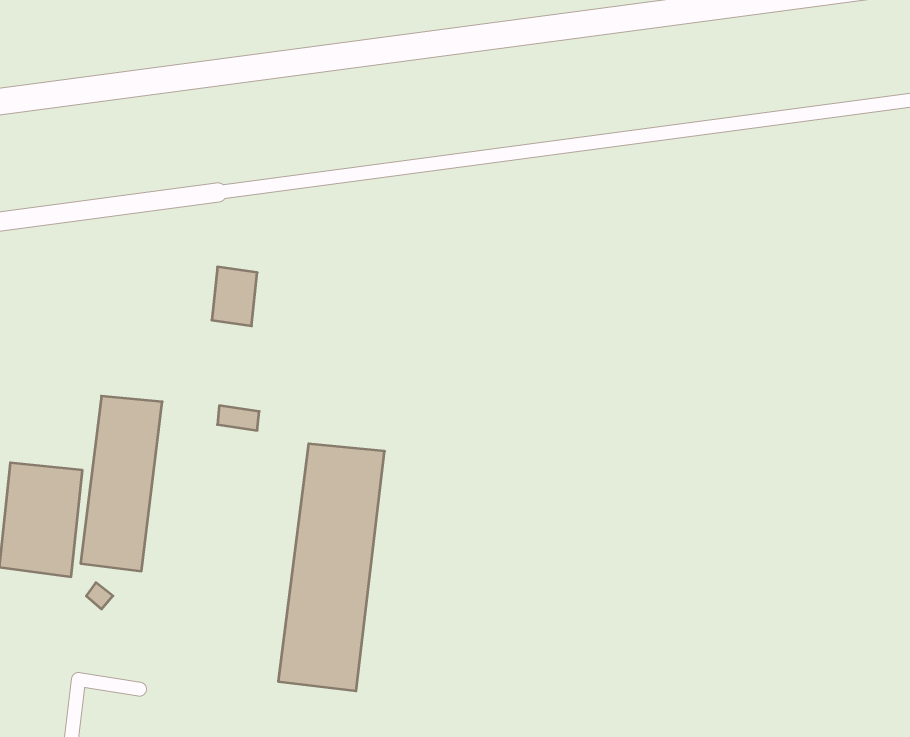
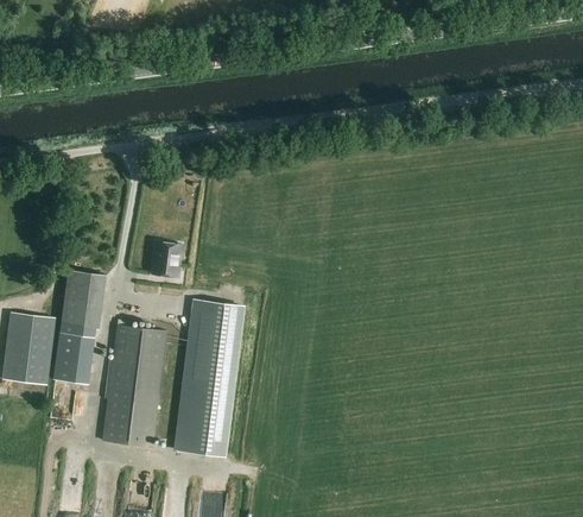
building: [212,267,257,326] -> [151,239,179,276]
building: none -> [100,319,165,447]

